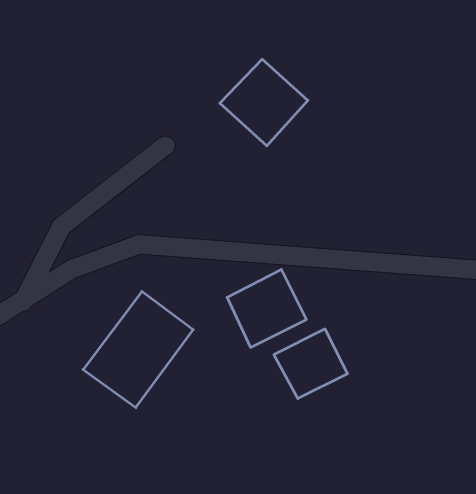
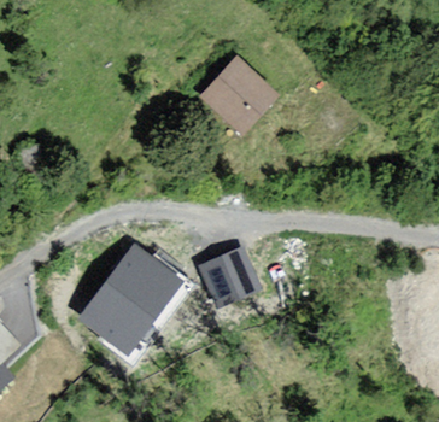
building: [274,329,347,399] -> none

